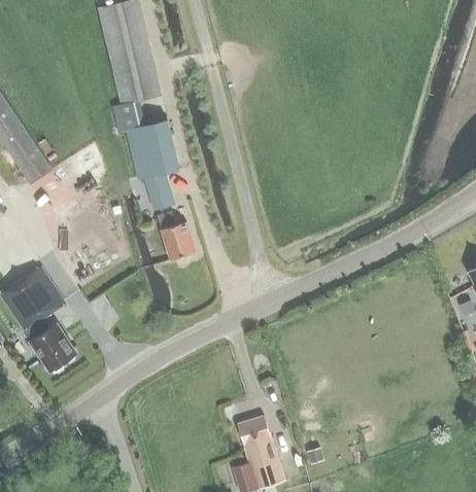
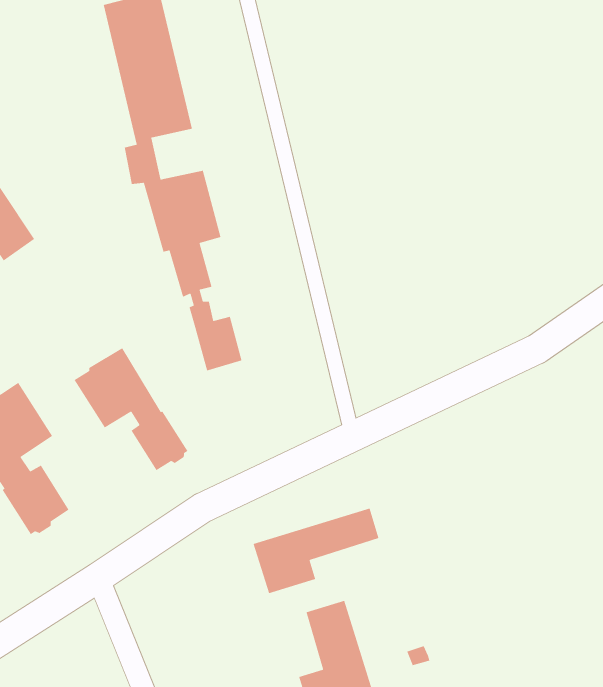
building: none -> [74,347,189,471]
building: none -> [252,508,380,594]

